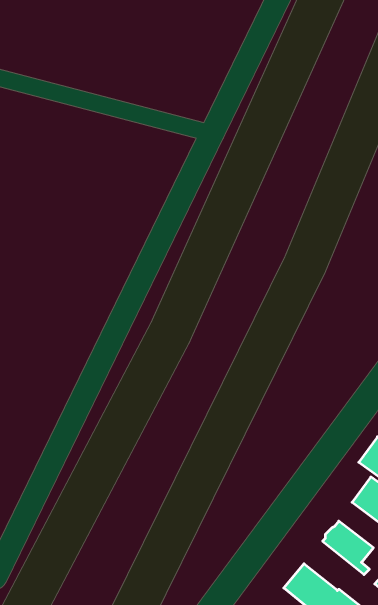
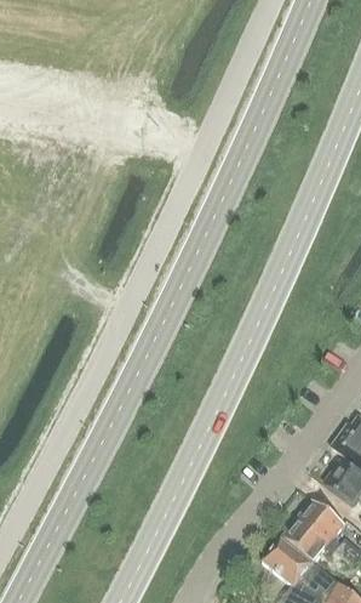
building: none -> [282,517,334,561]

